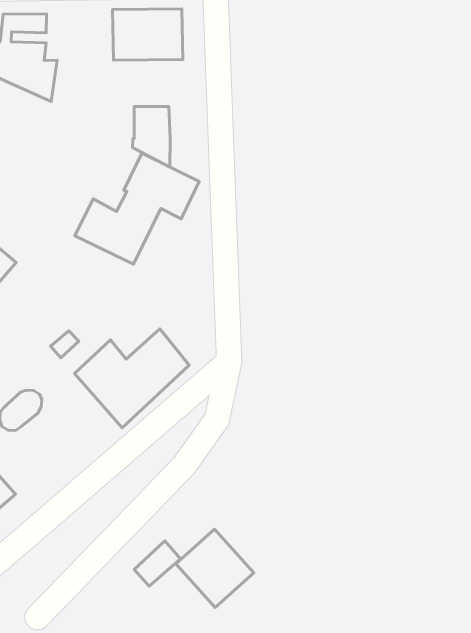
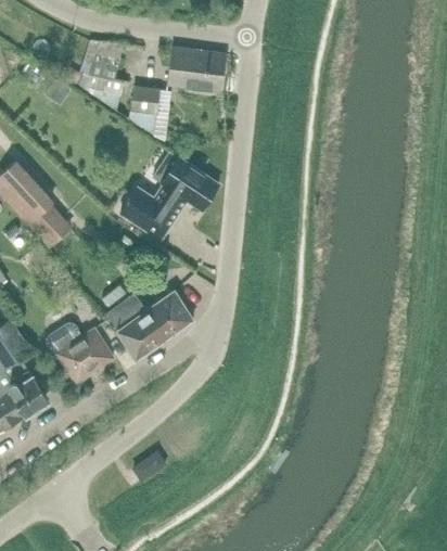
building: [132,106,170,167] -> [128,87,159,136]
building: none -> [56,329,113,383]
building: [176,529,254,607] -> none

